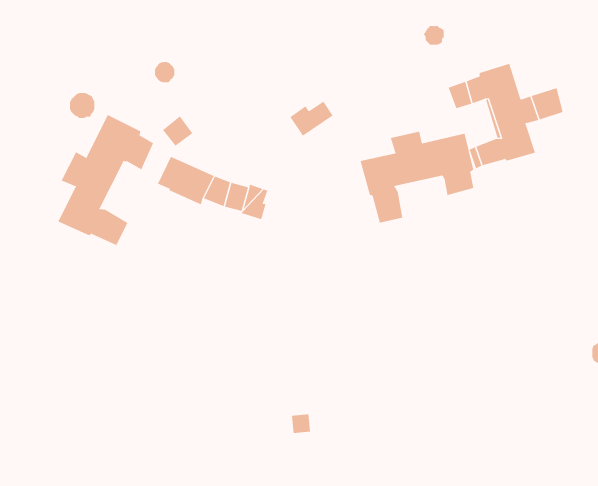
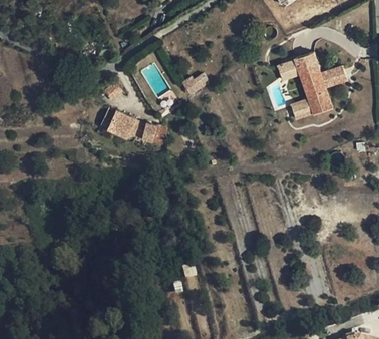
building: [57,114,154,246] -> none
building: [360,131,474,223] -> none

